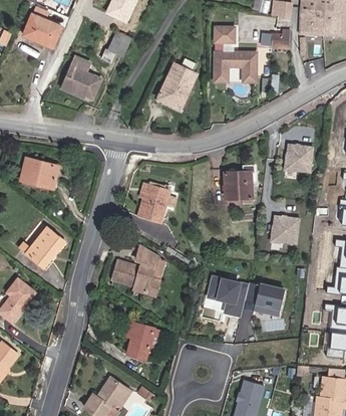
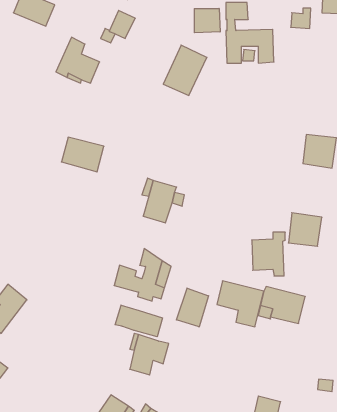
building: none -> [194,8,220,33]
building: [20,158,58,189] -> [61,137,104,172]
building: [224,165,254,204] -> [252,232,285,276]
building: [26,227,64,267] -> none
building: none -> [176,288,209,327]
building: none -> [115,305,163,337]

